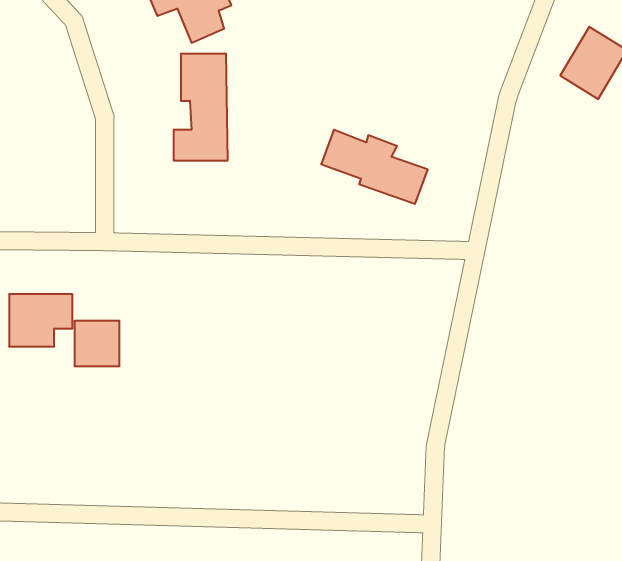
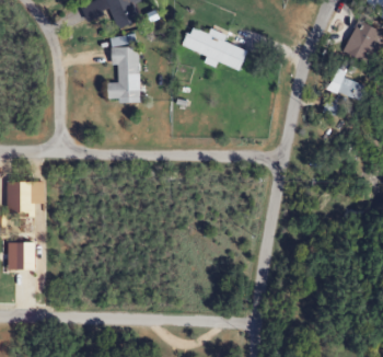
building: none -> [333,74,365,101]
building: [321,130,428,204] -> [183,25,247,70]
building: [74,321,120,366] -> [9,242,36,269]

